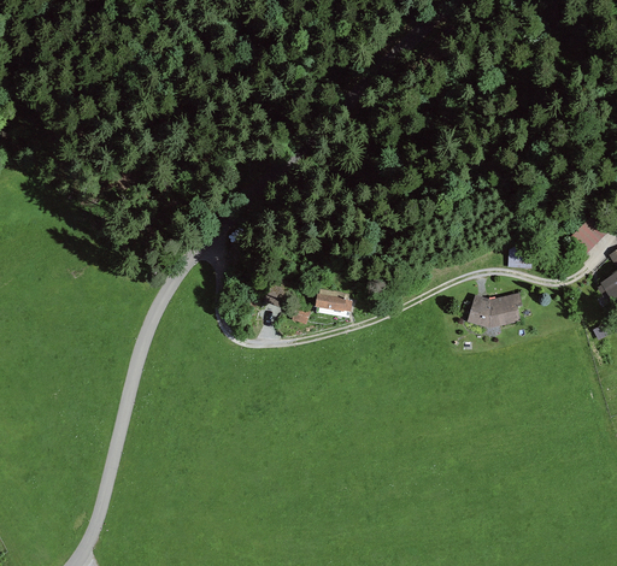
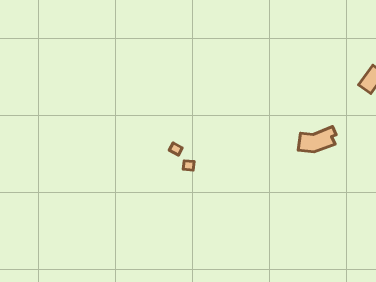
building: [318,291,352,312] -> none

